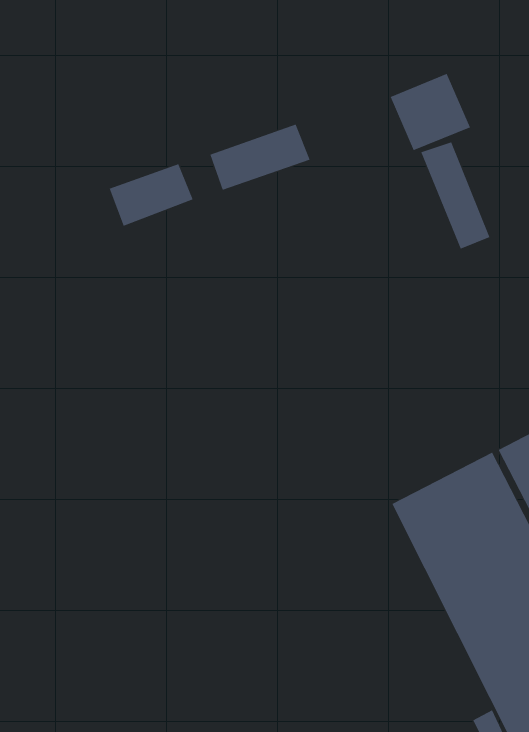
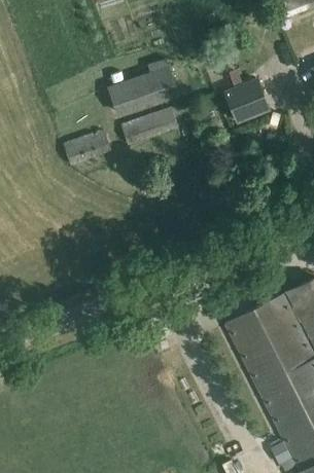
building: none -> [103,59,175,114]
building: [421,141,490,250] -> none

